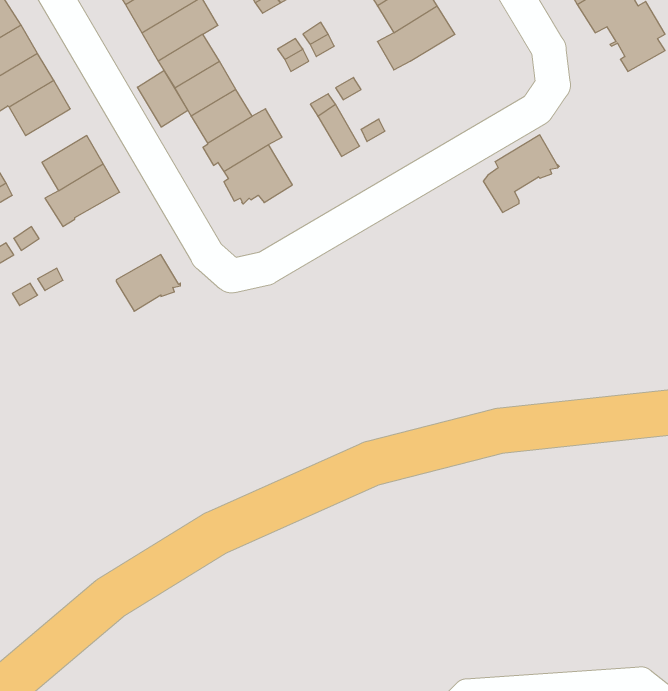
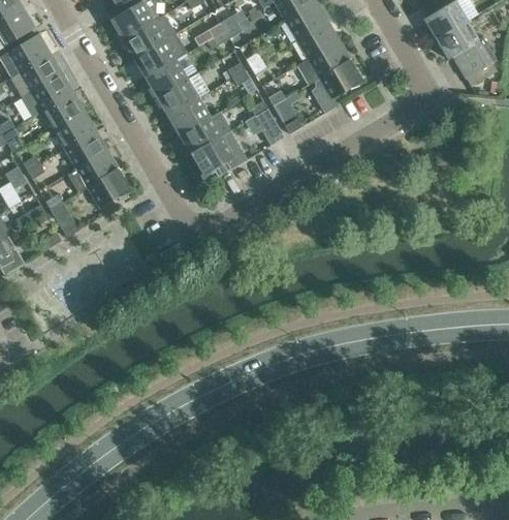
building: [137,71,188,127] -> none
building: none -> [54,111,96,148]
building: [483,135,559,212] -> [312,59,364,113]
building: [116,255,180,311] -> [88,169,132,208]

